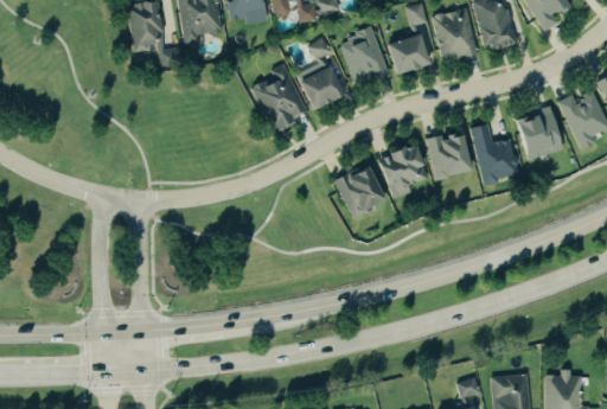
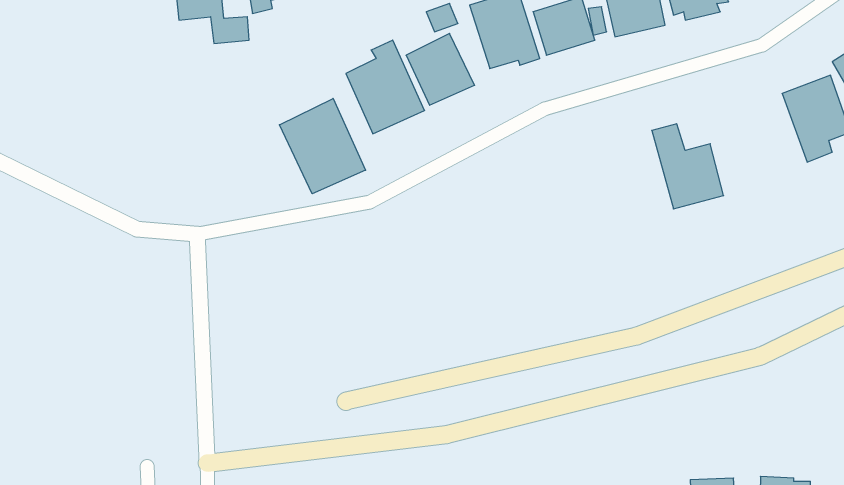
building: none -> [279,98,366,194]
building: [513,107,560,159] -> none
building: [426,132,469,179] -> none
building: [376,143,428,199] -> none
building: [336,165,384,215] -> none

